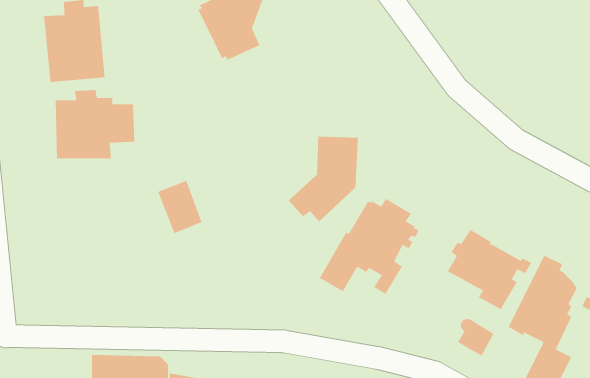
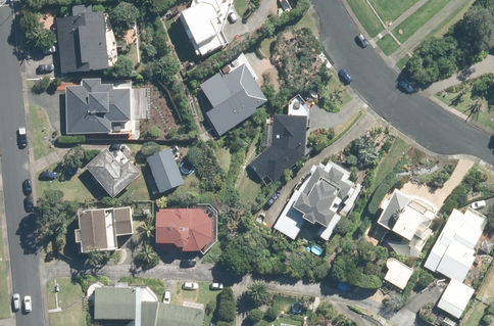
building: none -> [199,63,266,135]
building: none -> [85,148,140,197]
building: none -> [155,206,214,250]
building: none -> [73,207,131,251]

